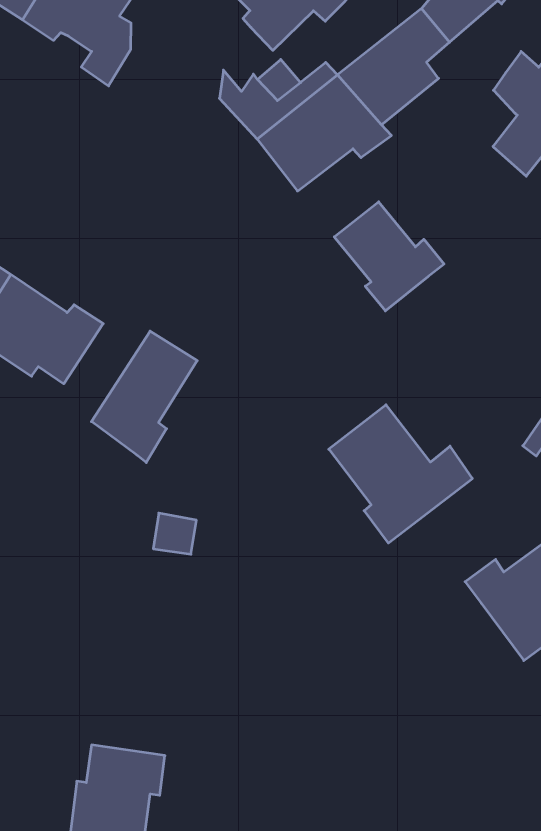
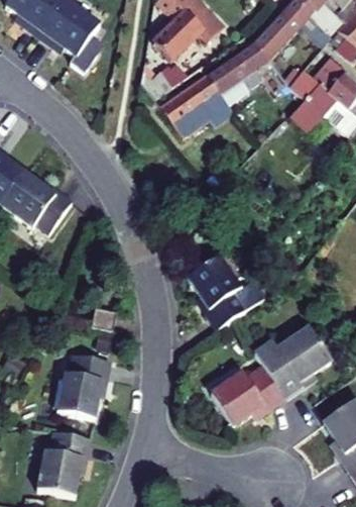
building: [334,202,444,311] -> none
building: [91,331,197,463] -> none
building: none -> [51,350,111,416]
building: none -> [213,364,288,427]

